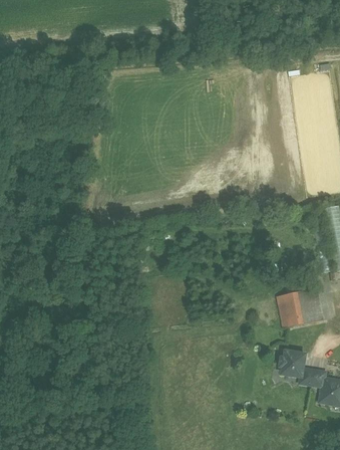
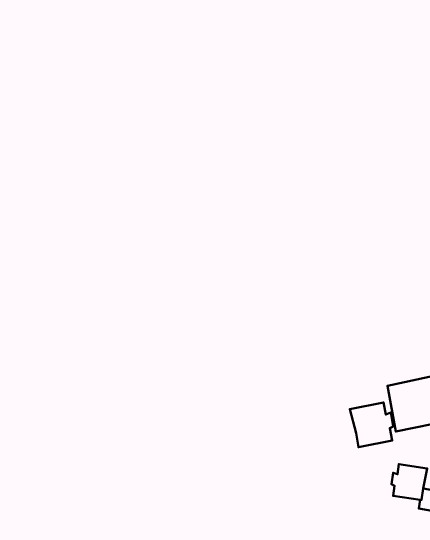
building: none -> [350,402,393,447]

